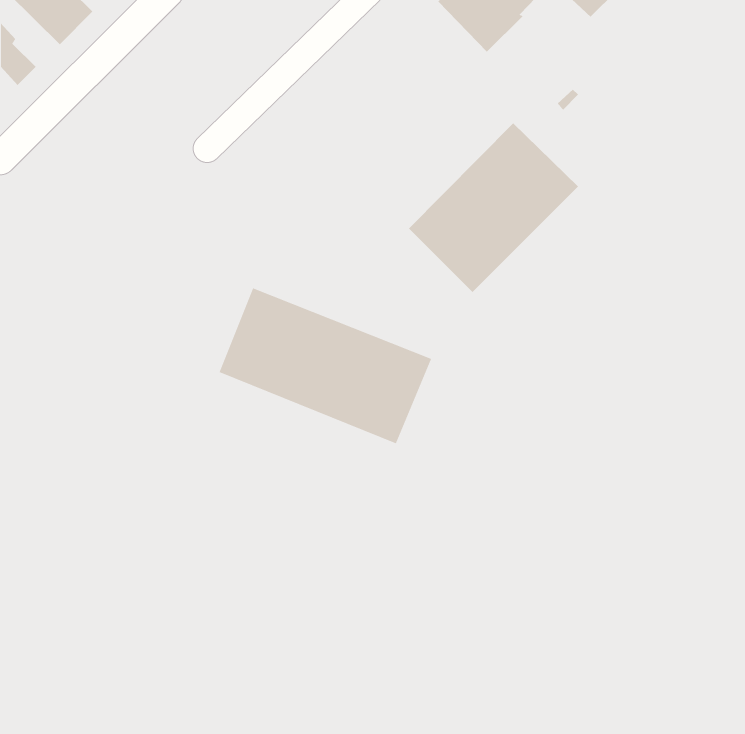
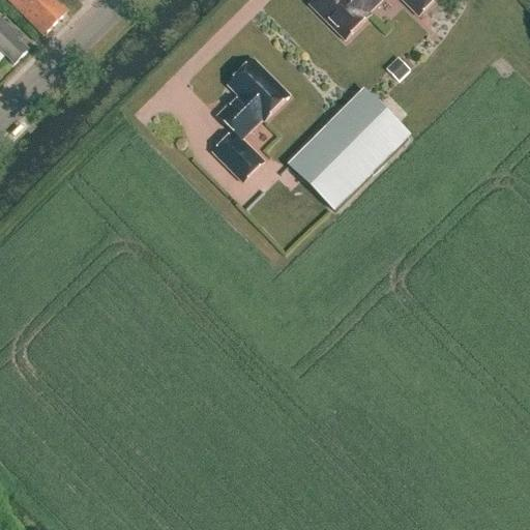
building: none -> [213,57,290,179]
building: [219,287,432,444] -> none

